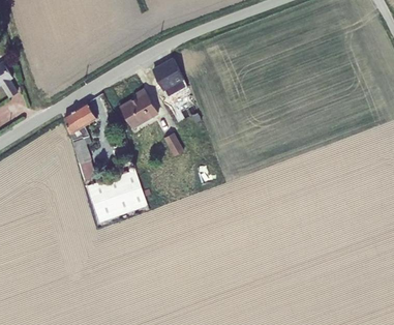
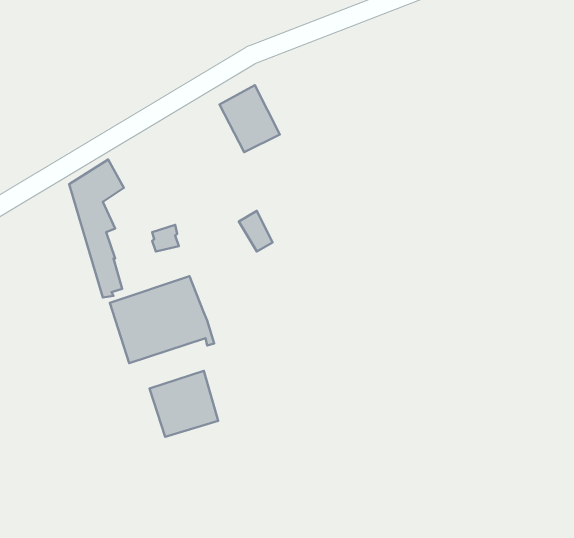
building: [119,89,158,129] -> none
building: none -> [149,371,218,437]

